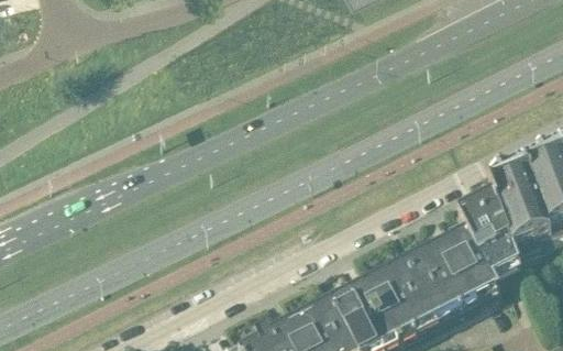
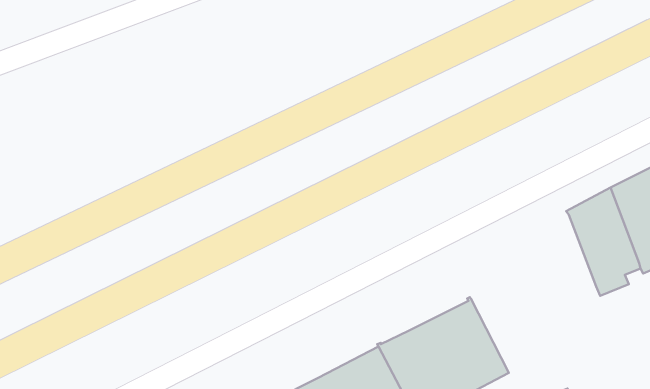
building: [398,189,497,320] -> none

